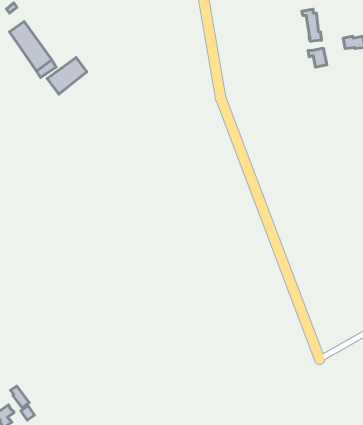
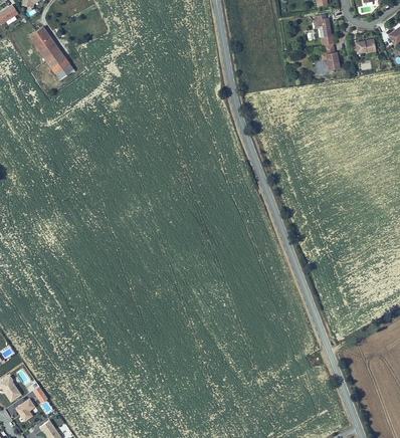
building: [47,57,87,94] -> none

